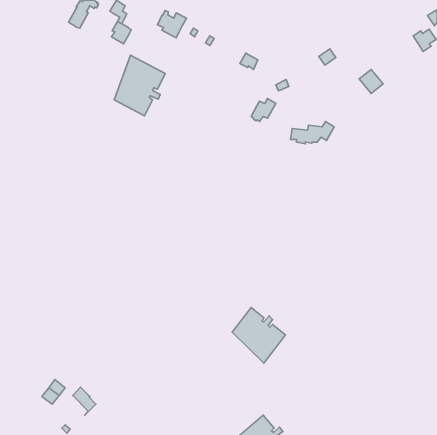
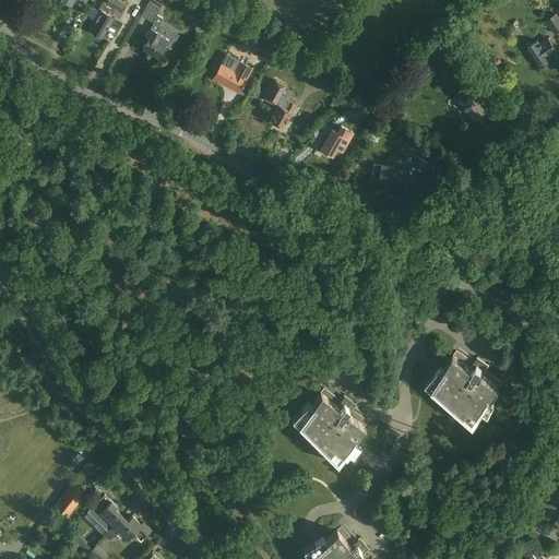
building: [157,10,187,38] -> [214,60,251,95]
building: [114,55,165,116] -> none
building: none -> [263,82,295,131]
building: none -> [430,358,499,428]
building: none -> [103,519,150,544]

